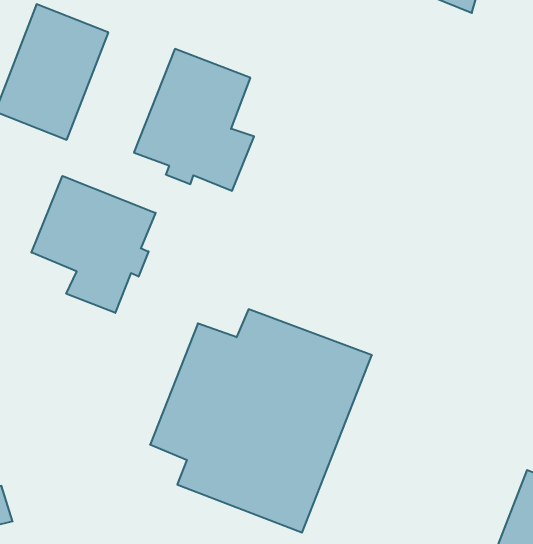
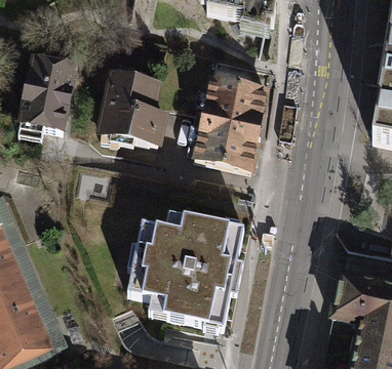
building: none -> [193,77,265,169]
building: [31,176,156,313] -> none

